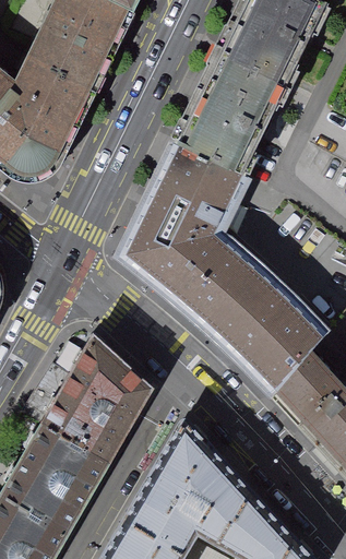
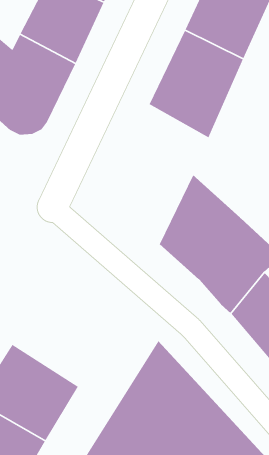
building: [121,145,248,310] -> none
building: [20,334,152,475] -> none

